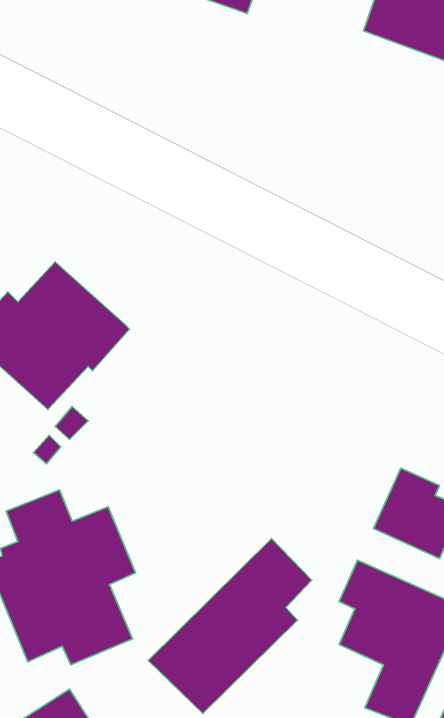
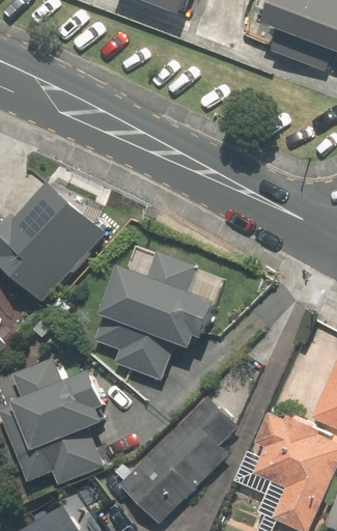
building: none -> [95,253,216,379]

